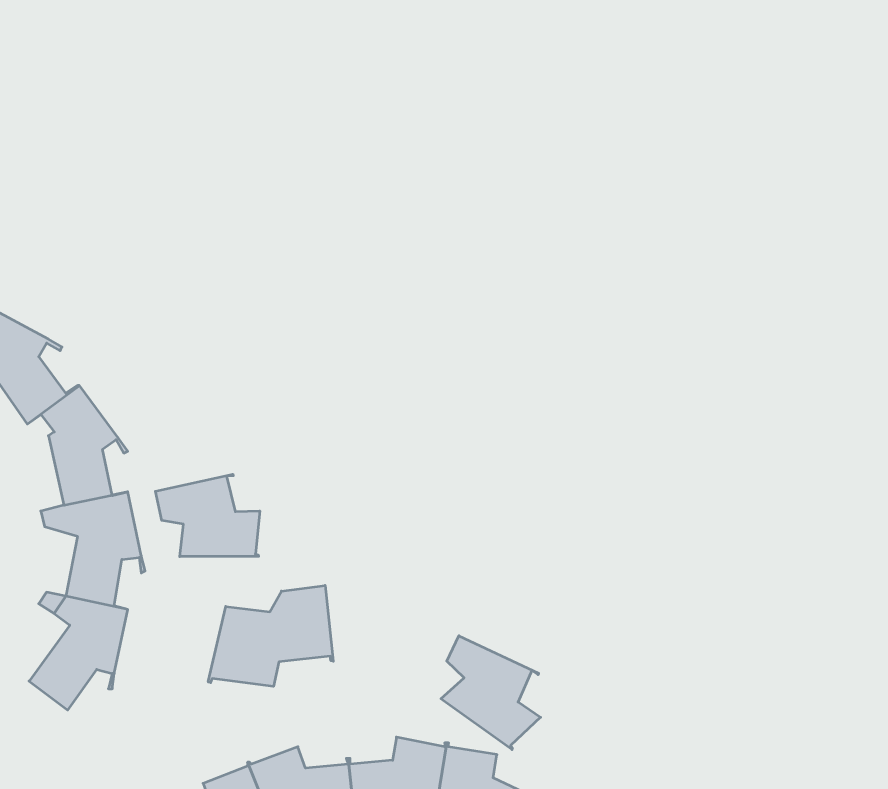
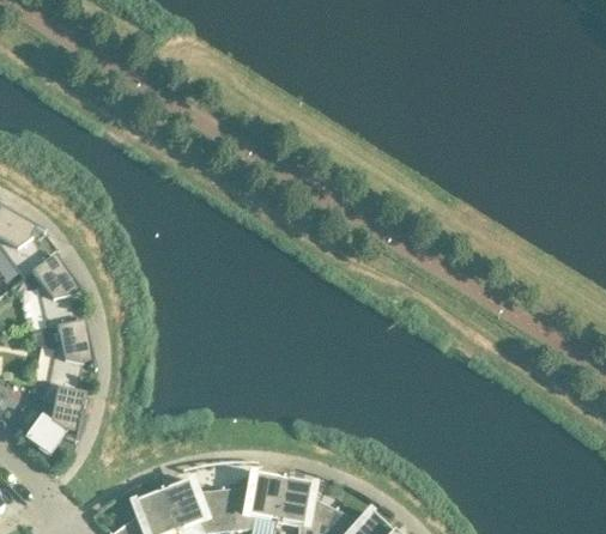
building: [155,474,260,557] -> none
building: [208,585,333,686] -> none
building: [441,636,541,750] -> none

